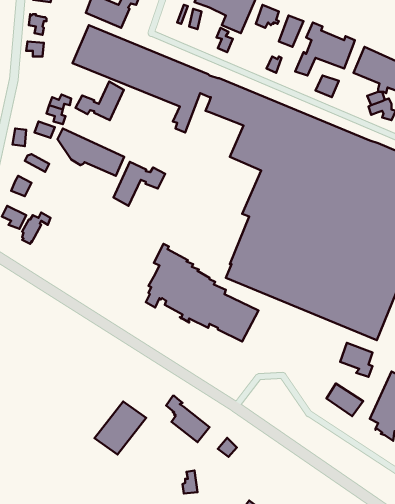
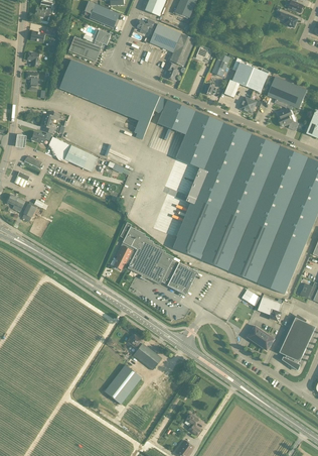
building: [76,82,124,120] -> none
building: [113,162,165,206] -> none
building: [95,402,146,454] -> [103,364,141,404]

